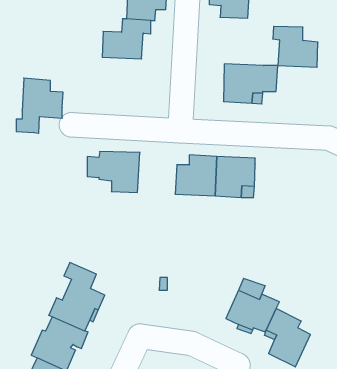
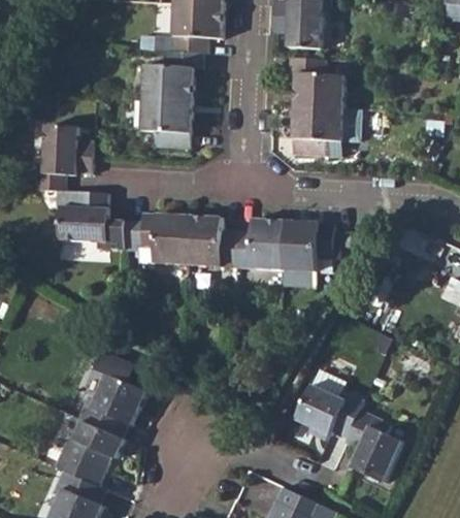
building: [273,26,318,67] -> [287,57,342,107]
building: none -> [141,97,191,148]
building: none -> [37,189,108,249]
building: none -> [186,215,234,266]

